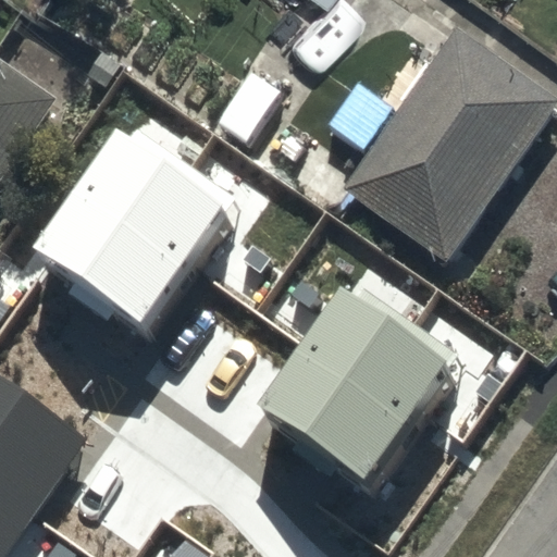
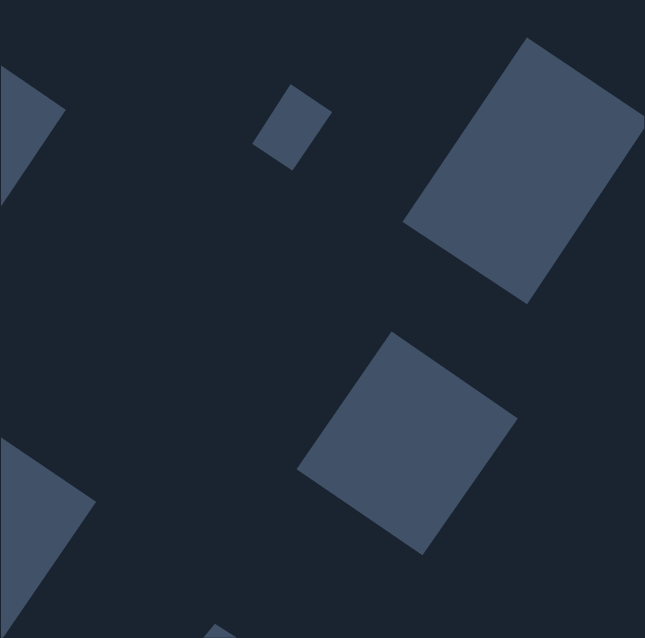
building: [34,122,227,319] -> none

